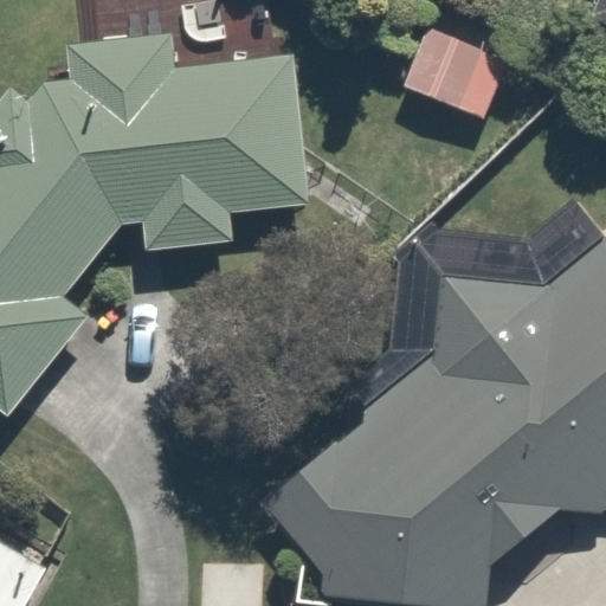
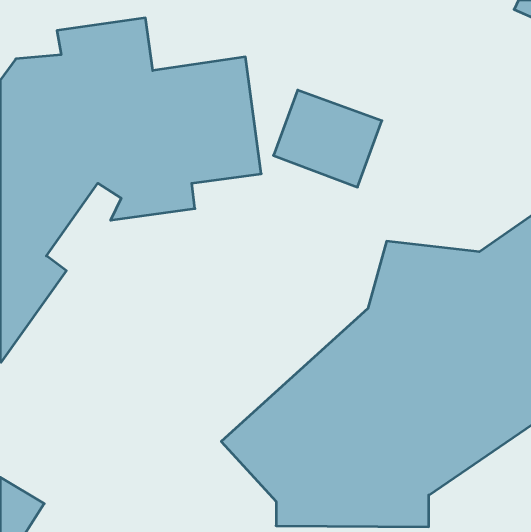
building: [400,17,522,125] -> [273,90,382,187]

